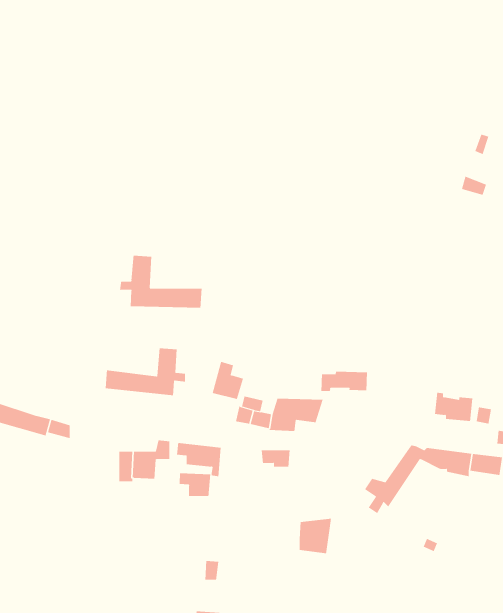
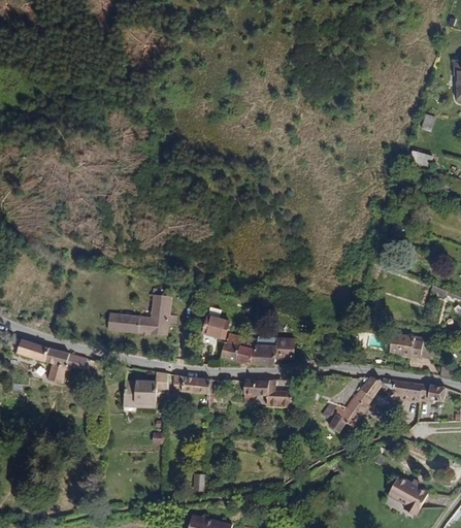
building: [120,255,202,309] -> none
building: [321,371,368,392] -> none
building: [179,472,211,497] -> none
building: [299,518,332,554] -> [265,377,293,407]
building: none -> [390,475,429,513]

